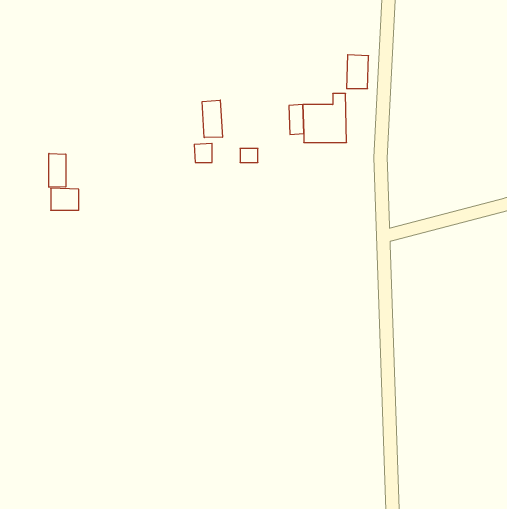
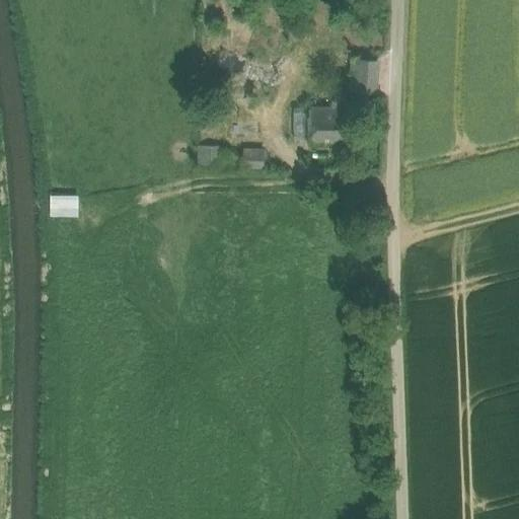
building: [202,100,222,138] -> none
building: [49,153,66,187] -> none

